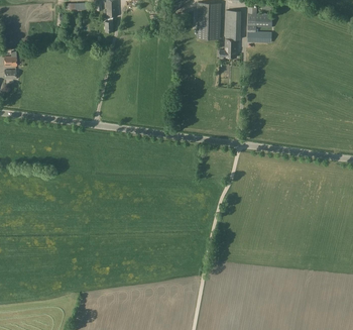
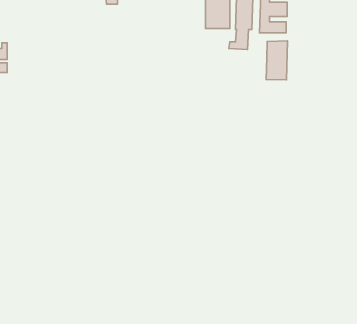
building: none -> [266,41,288,80]

